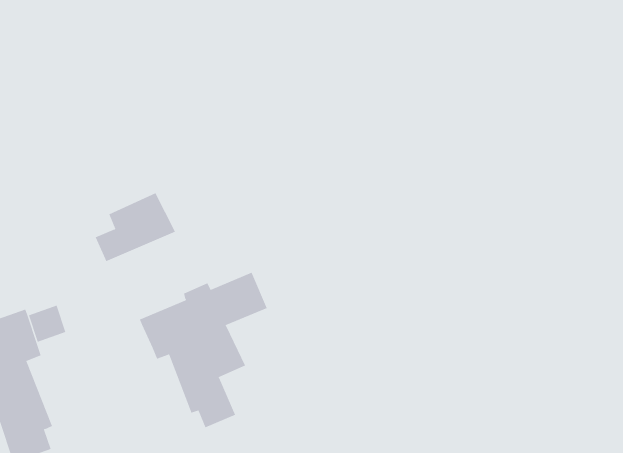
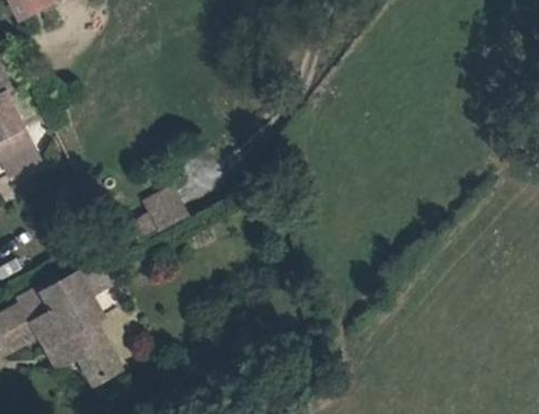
building: [139,272,267,428] -> none

